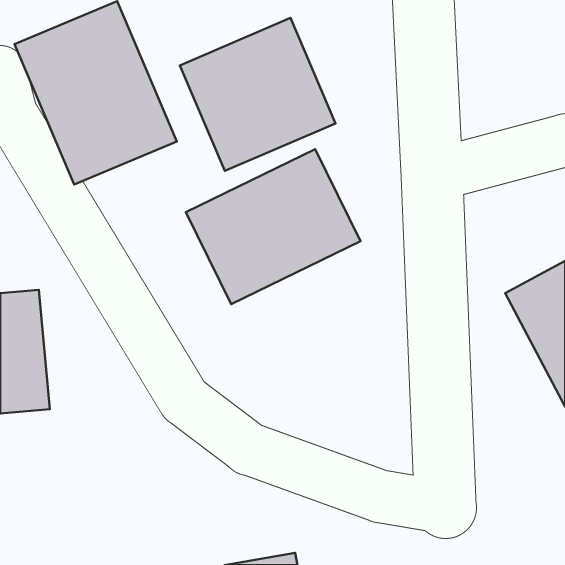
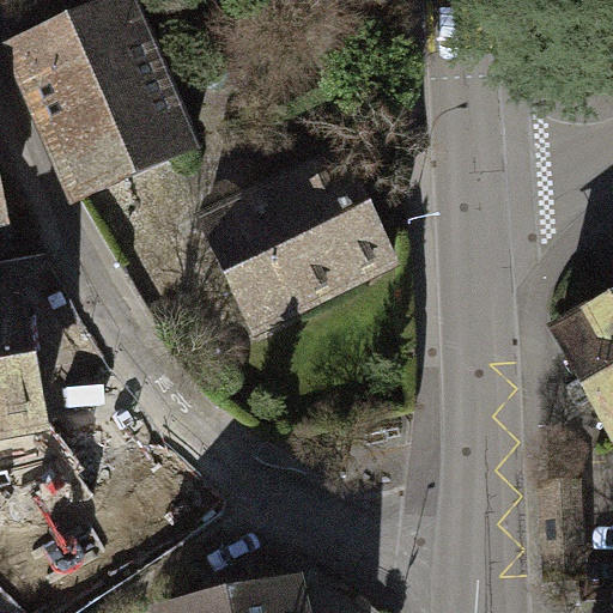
building: [180,18,335,171] -> none

